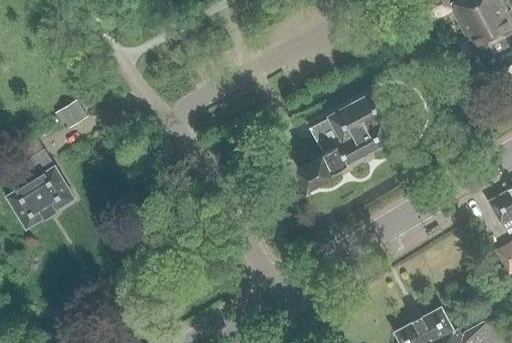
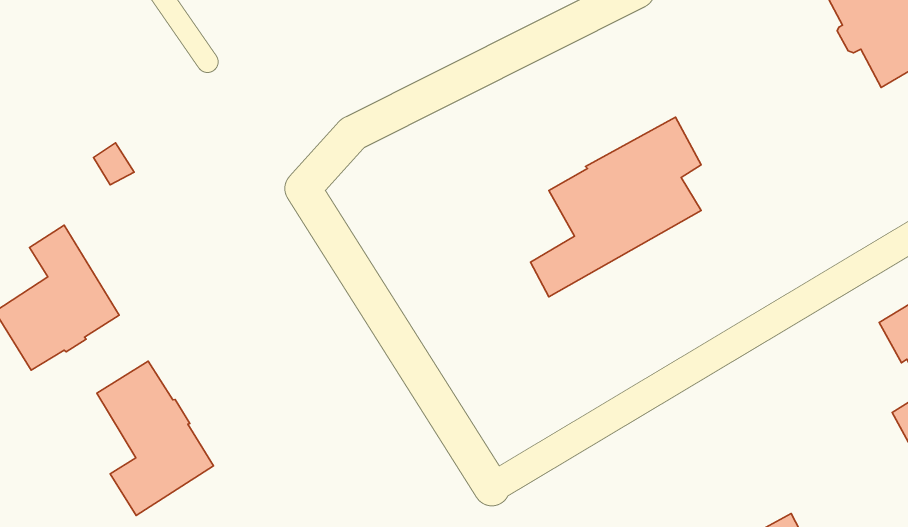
building: none -> [97,361,214,516]

